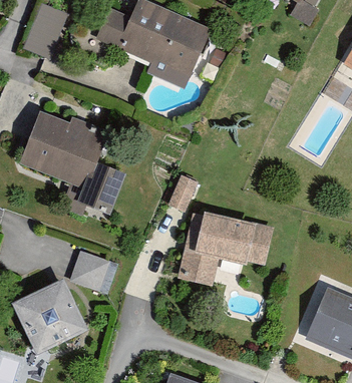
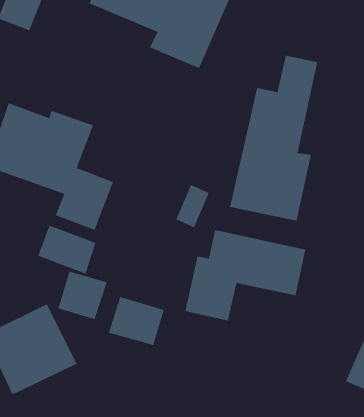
building: none -> [230,55,318,221]
building: none -> [37,225,96,275]
building: none -> [108,296,164,346]

